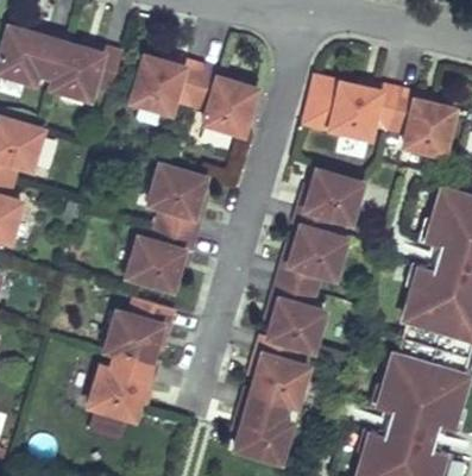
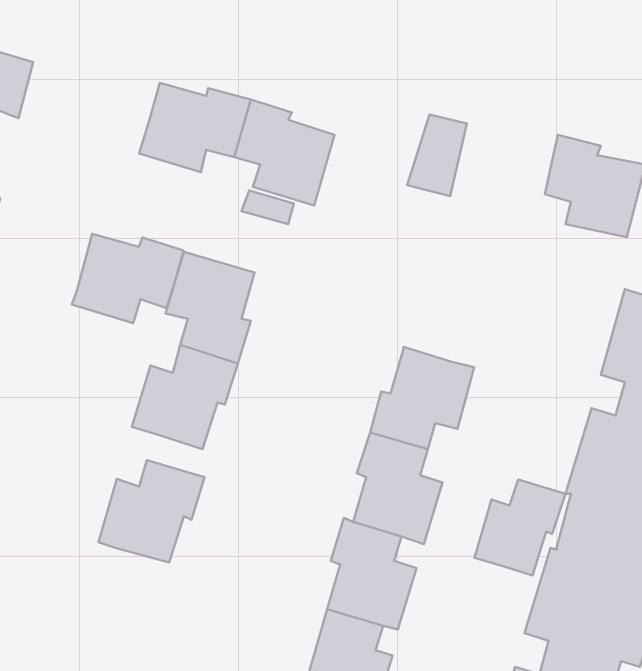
building: [50,44,121,101] -> [72,234,183,323]
building: [329,83,398,139] -> none
building: [294,170,361,236] -> none
building: none -> [475,479,565,576]
building: [88,355,150,420] -> none

